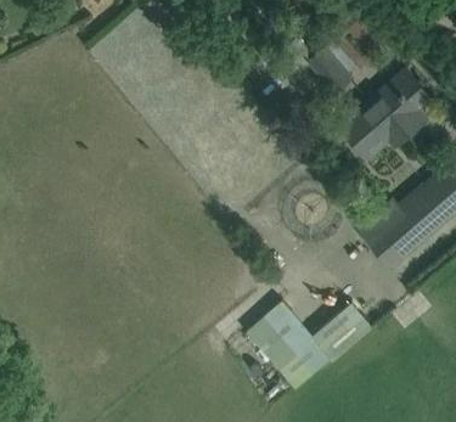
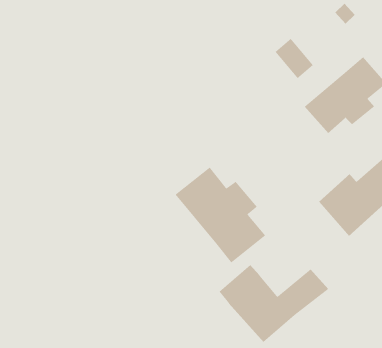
building: none -> [175,167,266,263]

